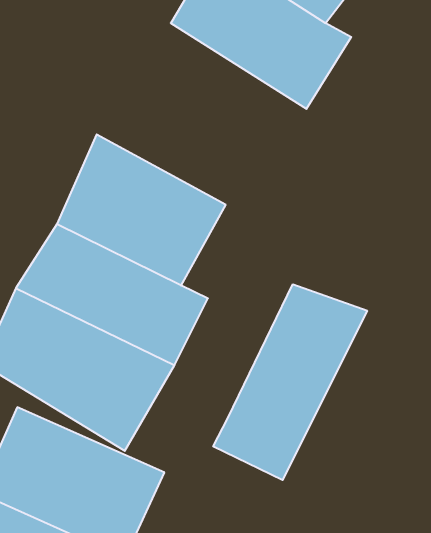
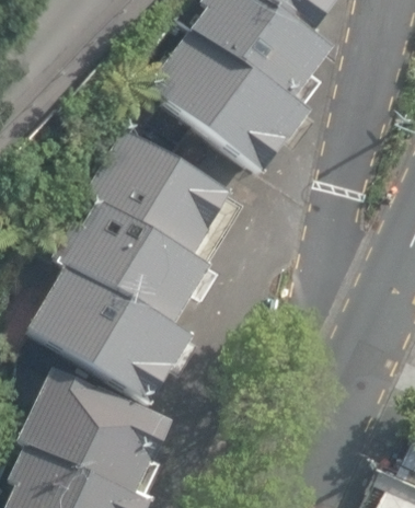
building: none -> [149,37,302,172]
building: [213,284,367,480] -> none

